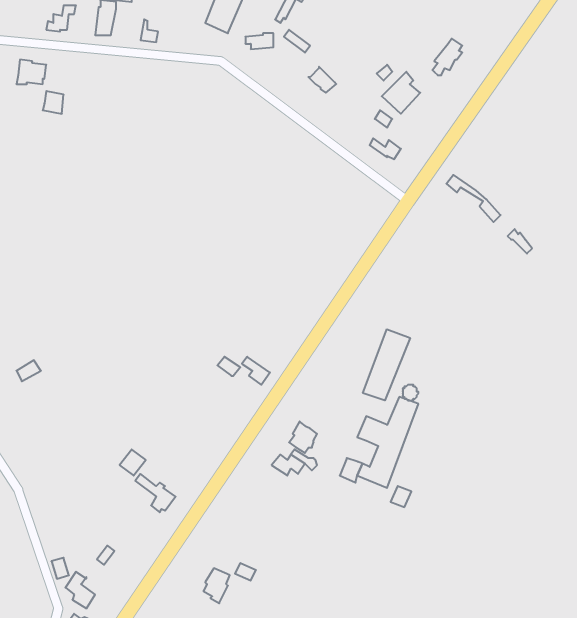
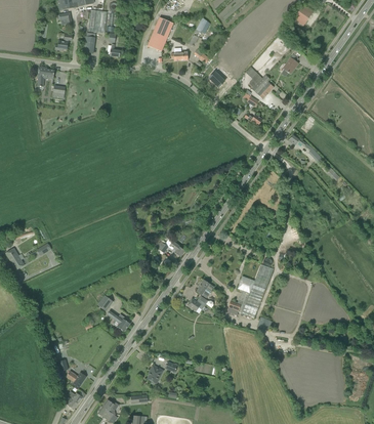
building: [363,329,410,400] -> none

